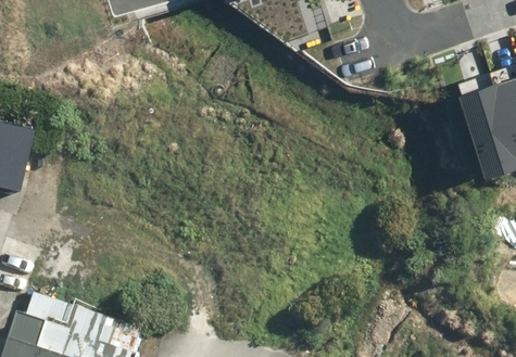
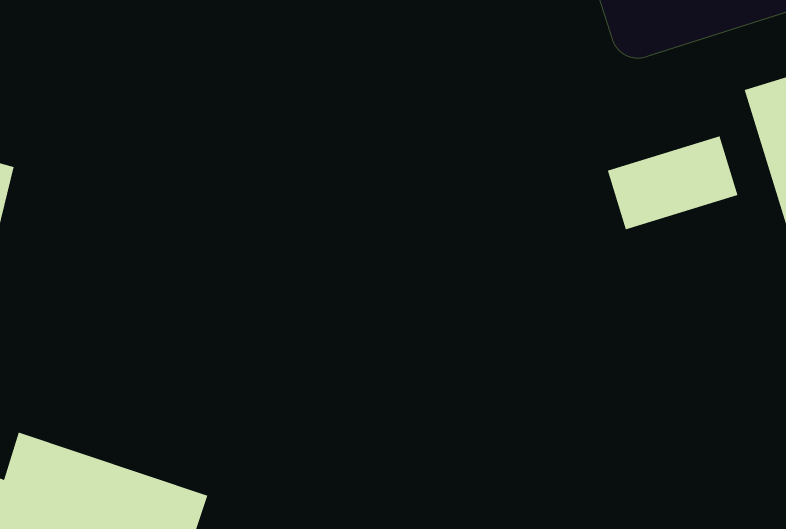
building: none -> [607,136,738,230]

